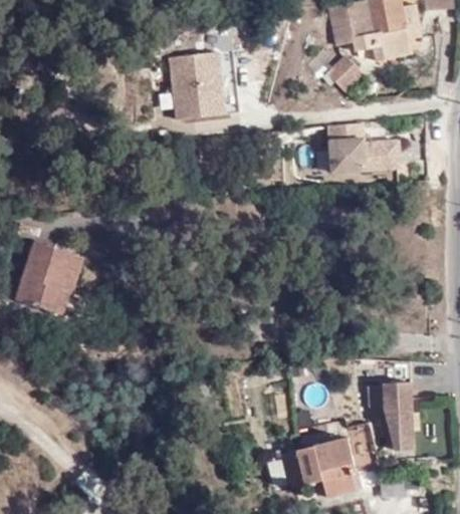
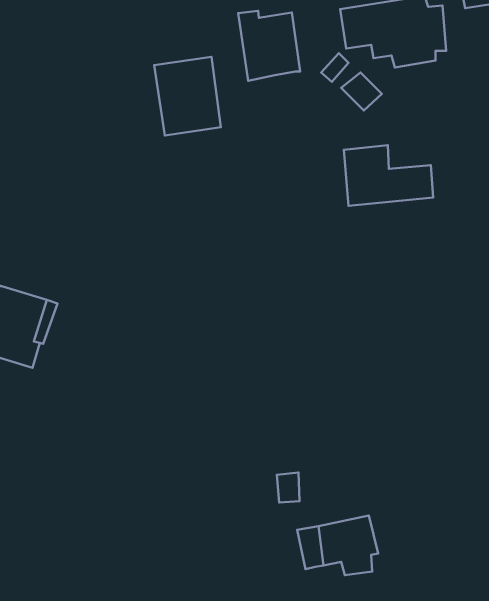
building: none -> [238,11,300,81]
building: [368,365,414,455] -> none

